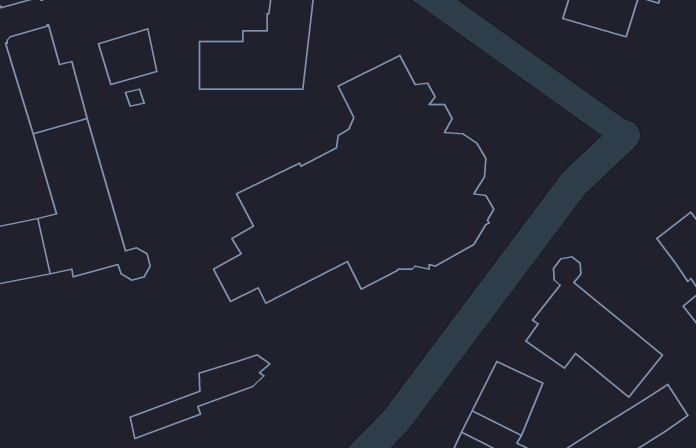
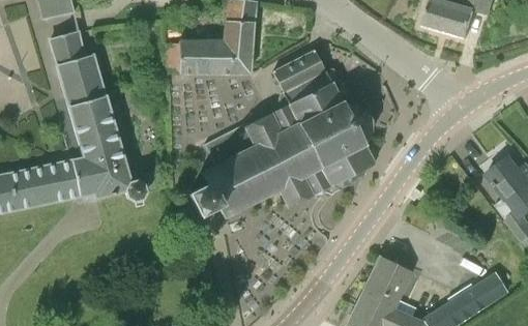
building: [99,29,157,84] -> none
building: [526,257,662,397] -> none
building: [130,355,270,438] -> none

